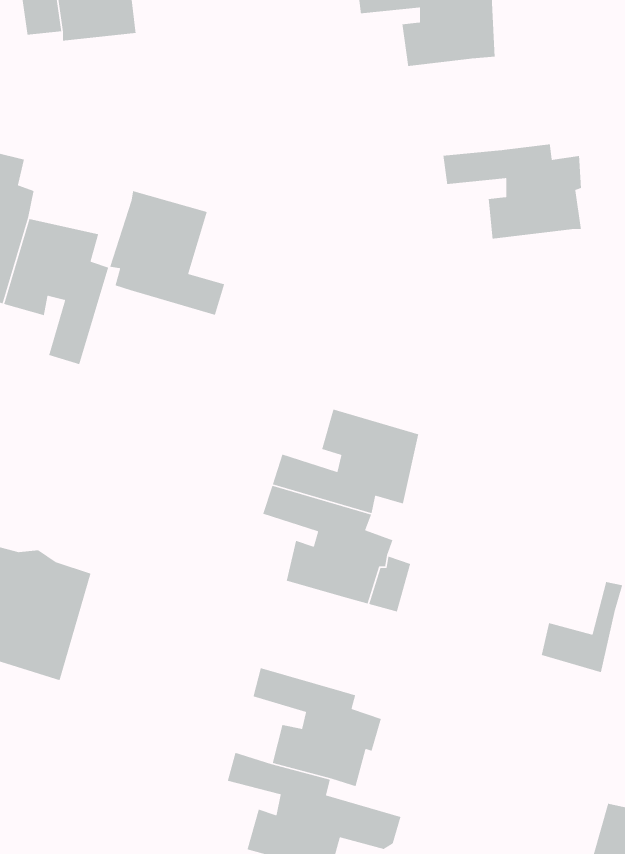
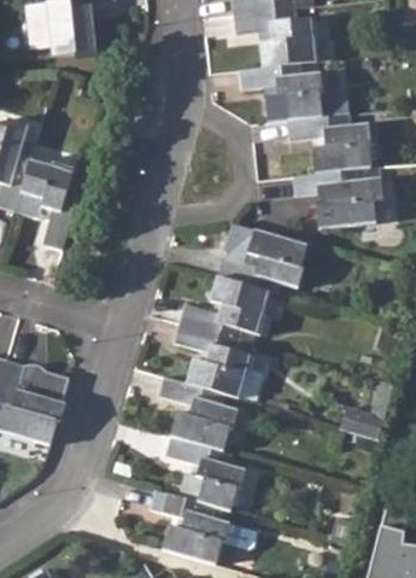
building: none -> [238,62,351,122]
building: [109,190,225,316] -> none
building: none -> [291,167,382,227]
building: none -> [217,229,307,293]
building: none -> [159,376,239,450]

